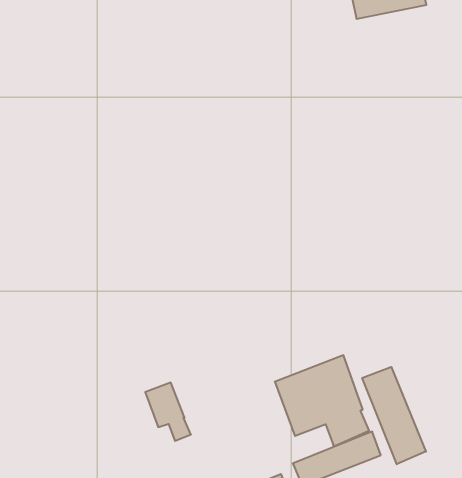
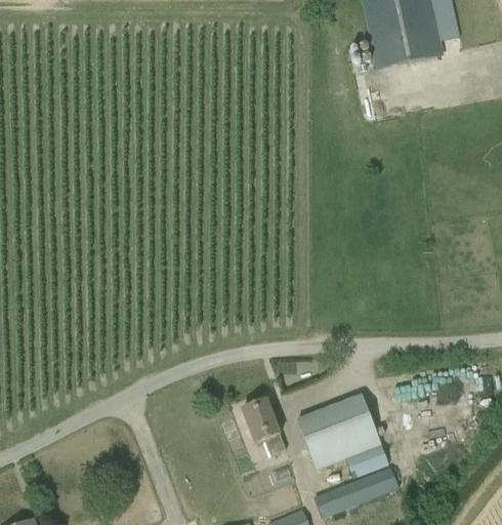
building: [362,367,426,464] -> none
building: [145,383,191,441] -> [243,399,287,455]

